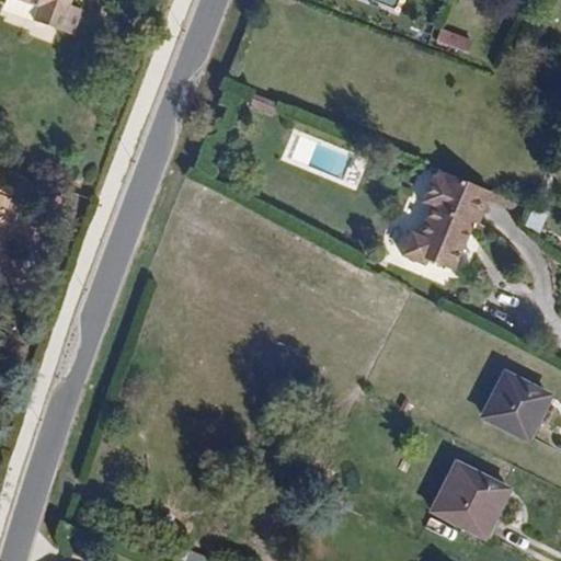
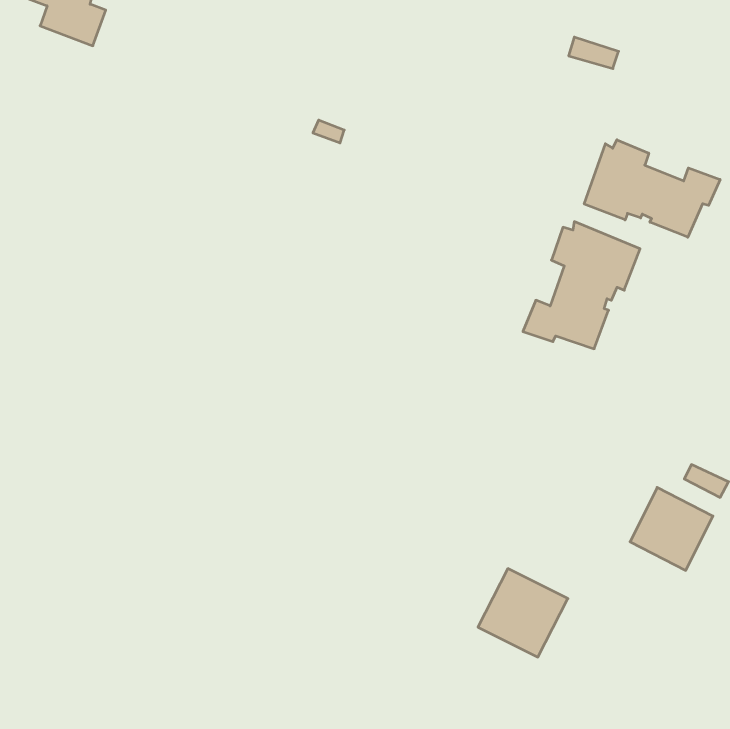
building: none -> [584,140,720,237]
building: [434,466,503,534] -> [478,569,568,657]

